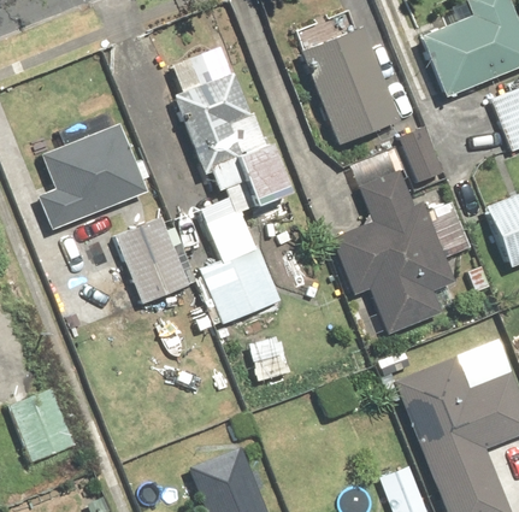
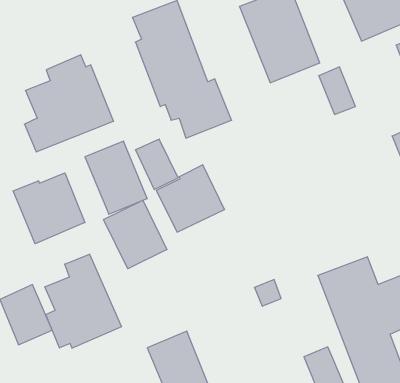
building: [334,170,474,334] -> none
building: none -> [13,173,85,244]
building: none -> [104,200,167,269]
building: none -> [45,254,122,348]

